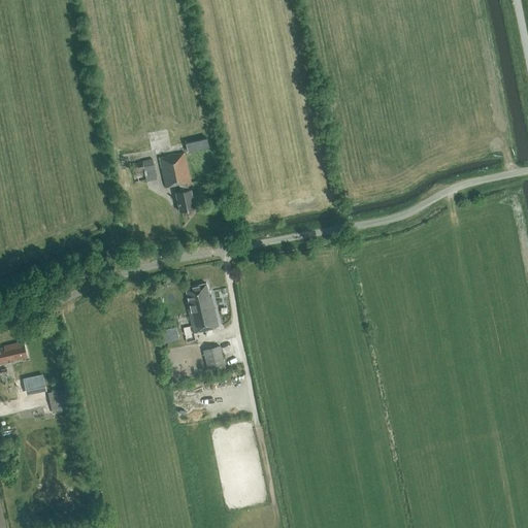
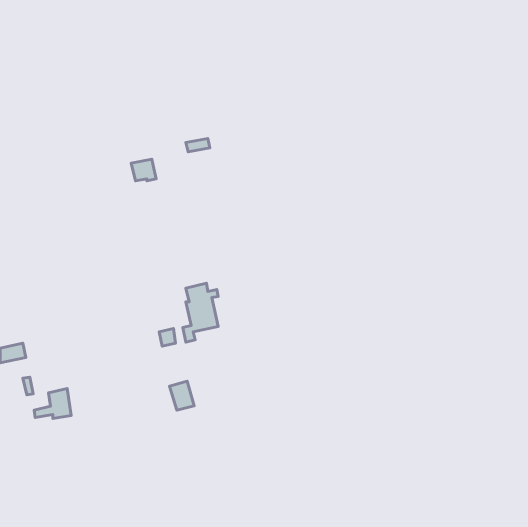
building: [159,153,195,210] -> none
building: [202,344,227,373] -> [170,381,194,410]

